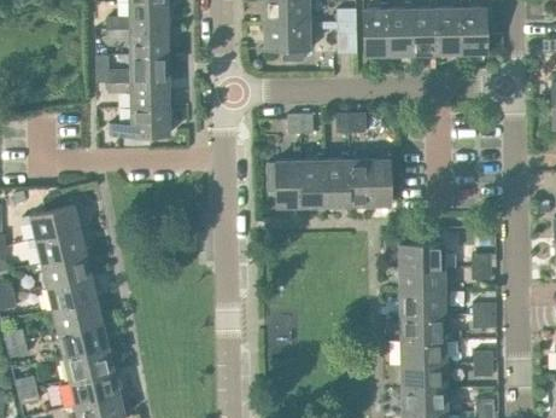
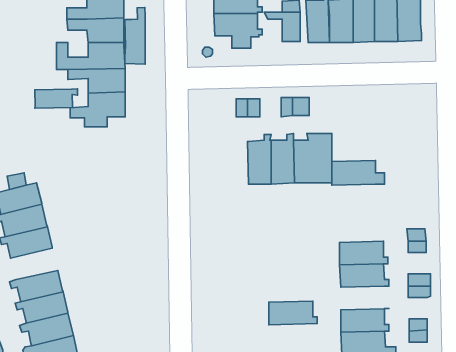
building: none -> [125,8,145,64]
building: none -> [35,89,78,108]
building: [267,147,302,207] -> none
building: [399,243,456,269] -> [332,160,384,185]
building: [40,275,96,309] -> none
building: [400,317,452,342] -> [269,301,317,325]

